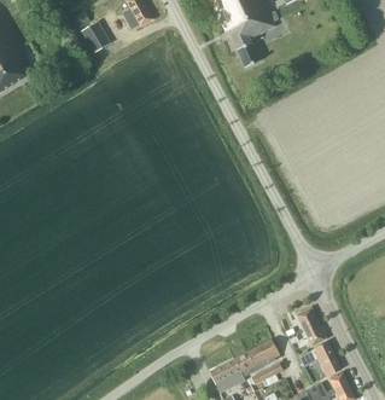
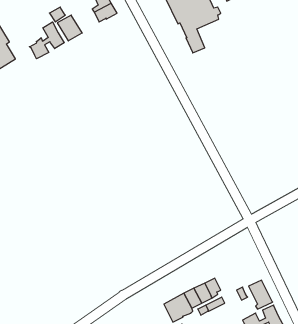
building: none -> [29,22,64,59]
building: [296,307,327,346] -> none

